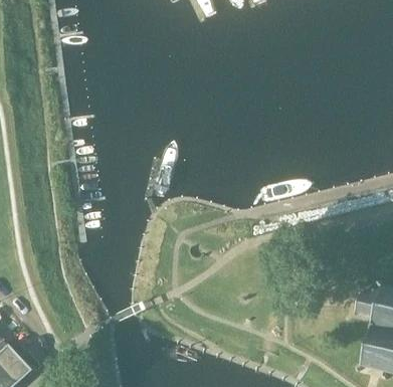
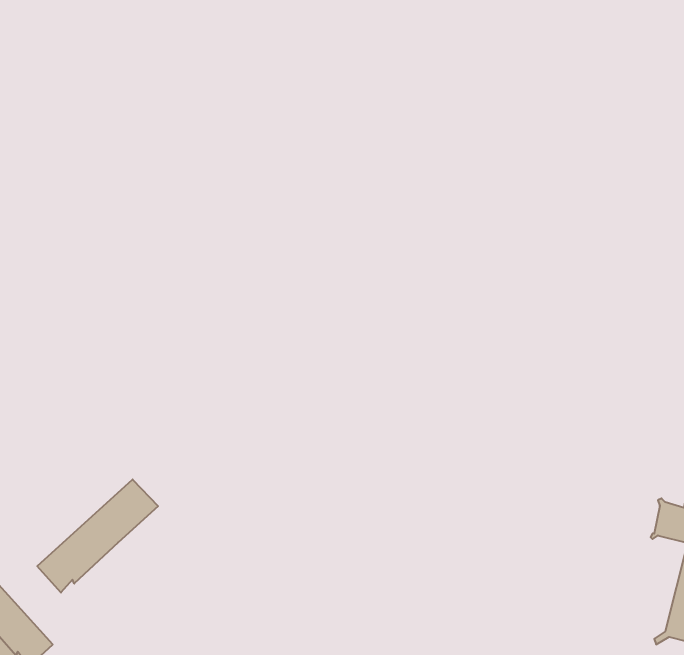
building: none -> [37,479,158,593]

